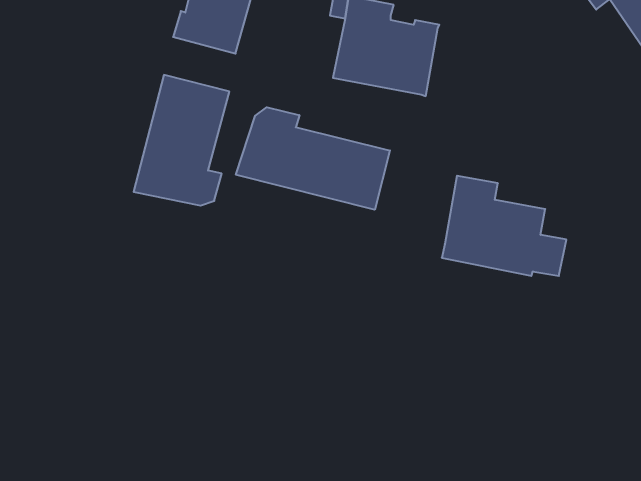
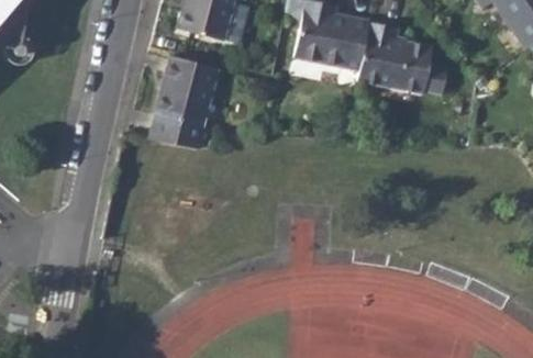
building: [236,107,390,210] -> none
building: [442,176,566,276] -> [356,21,446,93]

